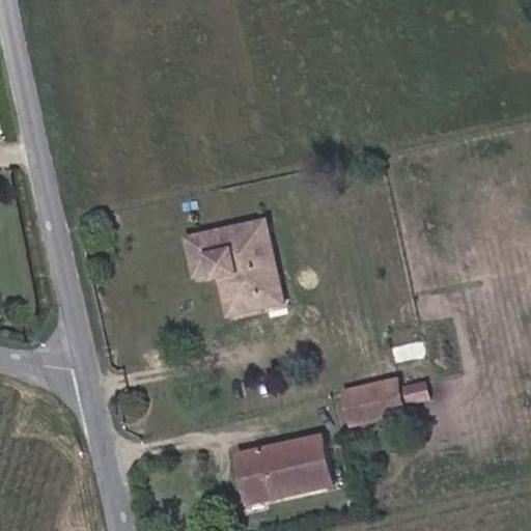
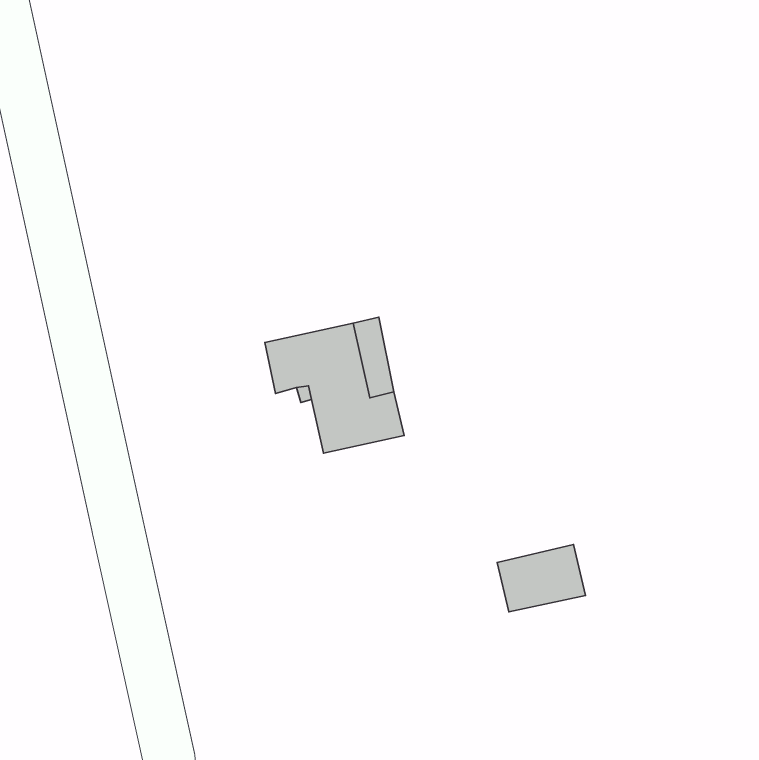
building: [240,434,333,503] -> none

